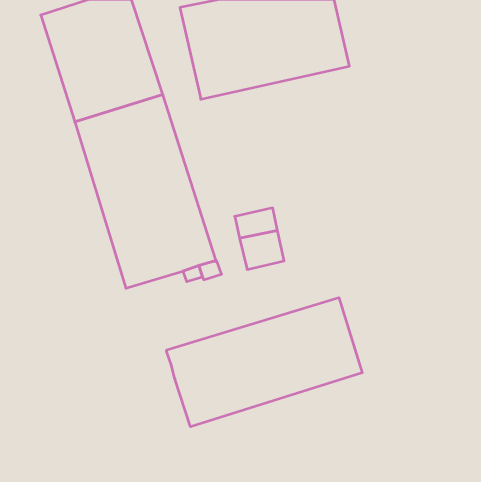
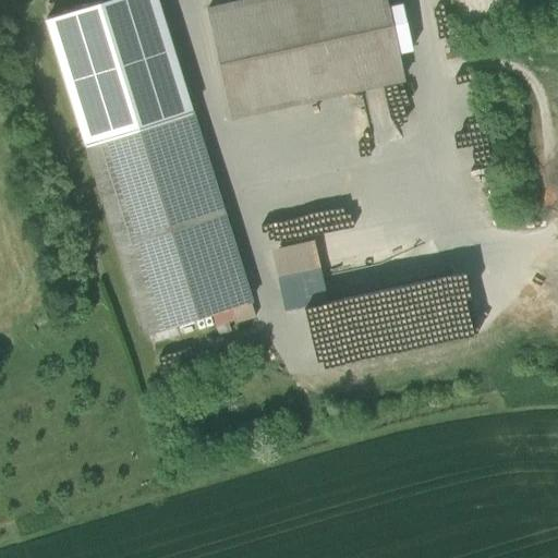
building: [167,298,362,427] -> none

